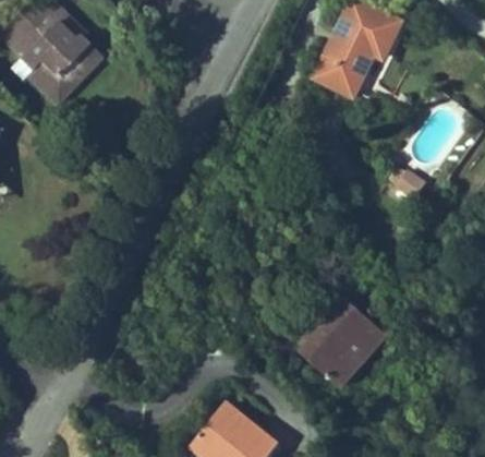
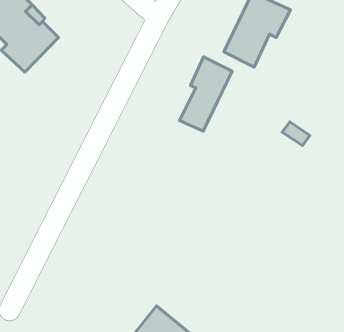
building: none -> [180,57,232,131]
building: [301,299,387,387] -> none

